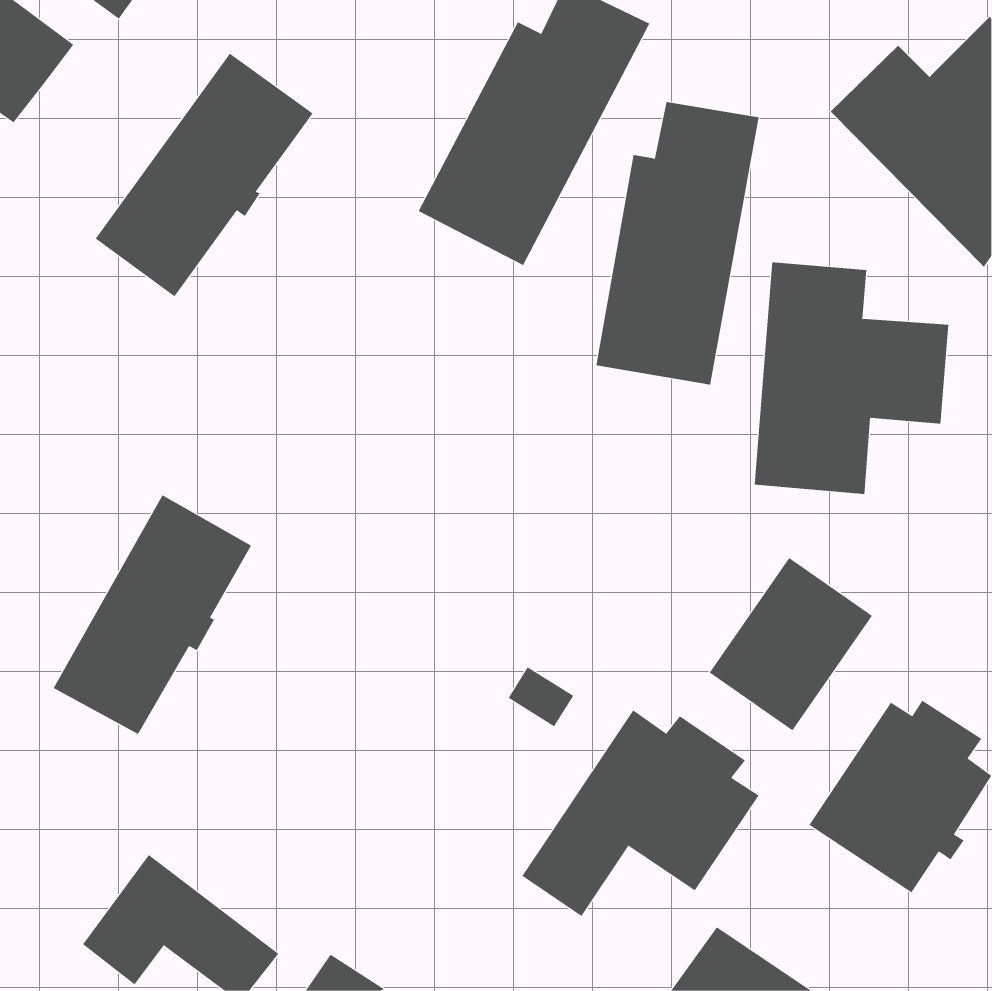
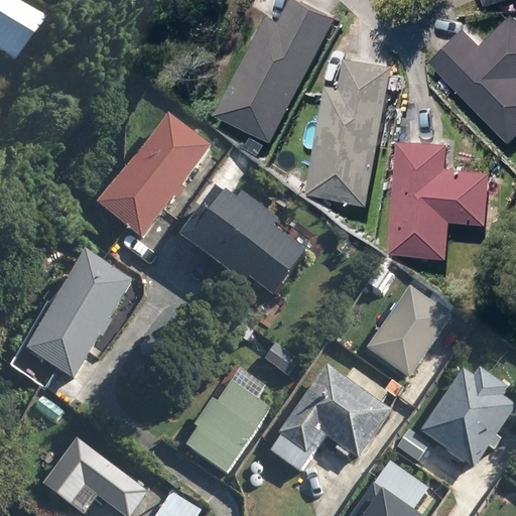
building: [95,53,313,297] -> [98,115,211,241]
building: none -> [177,186,305,297]
building: none -> [184,382,268,473]

